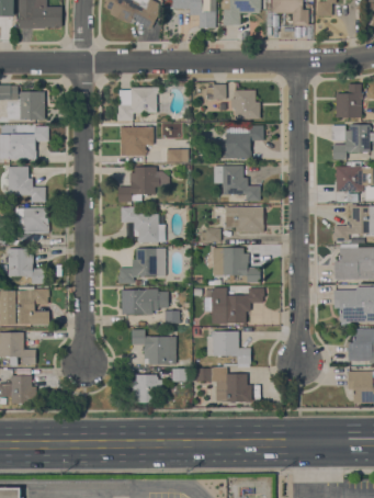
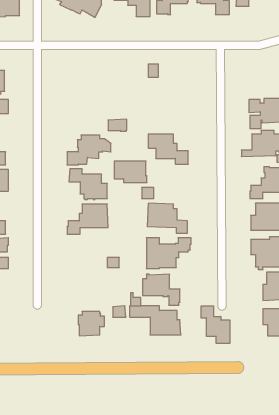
building: [335,83,362,117] -> none
building: [116,87,158,121] -> none
building: [230,89,259,118] -> none
building: [223,125,263,158] -> none
building: [120,126,152,155] -> none
building: [225,206,263,231] -> [114,161,147,183]
building: [121,288,168,314] -> none
building: [131,329,175,364] -> none
building: none -> [201,306,230,343]

